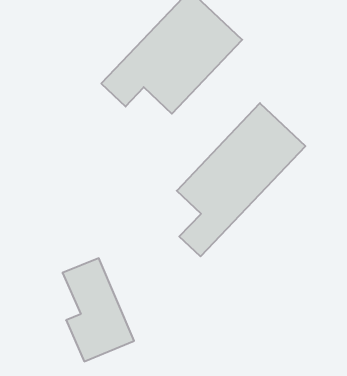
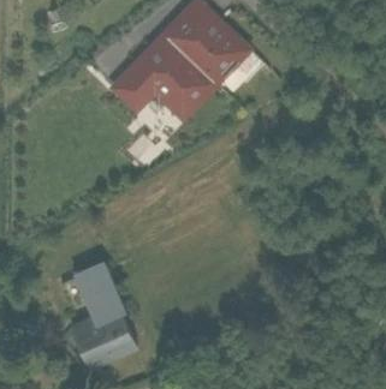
building: [177,103,305,256] -> none

